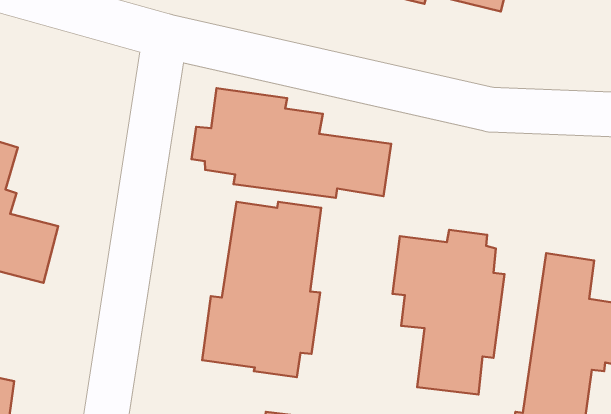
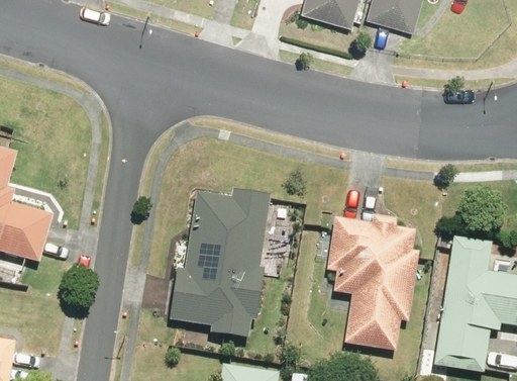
building: [192,88,391,198] -> none

